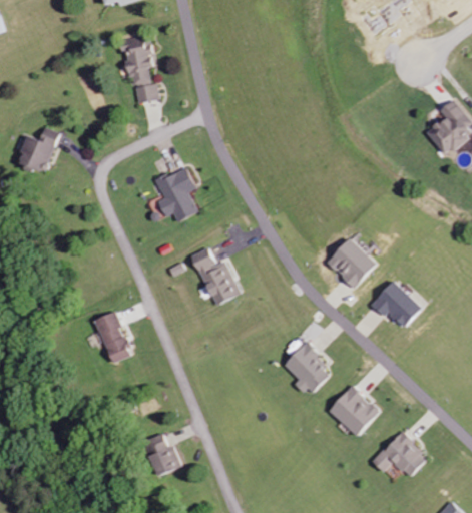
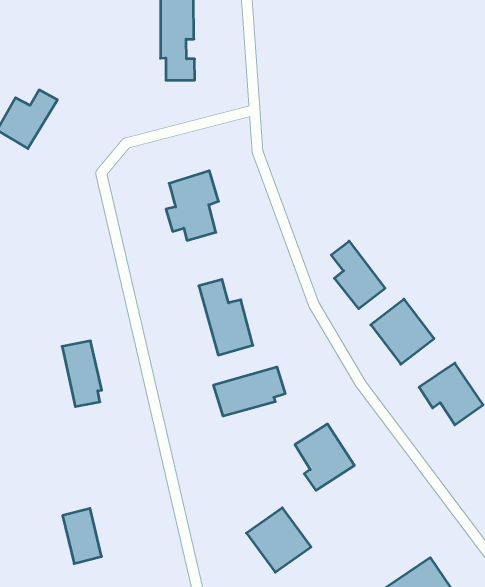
building: none -> [331,241,385,309]
building: none -> [214,367,285,416]
building: [329,386,380,436] -> [246,508,311,572]
building: [148,432,183,476] -> [63,508,102,564]

